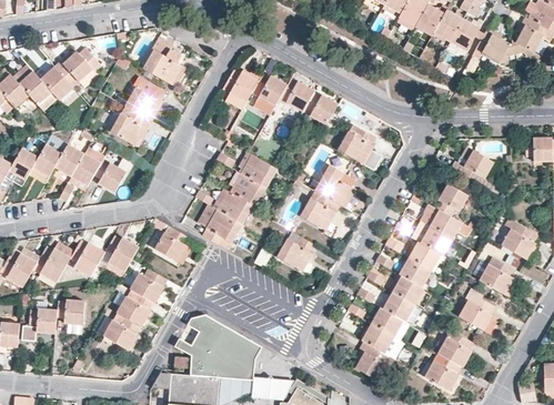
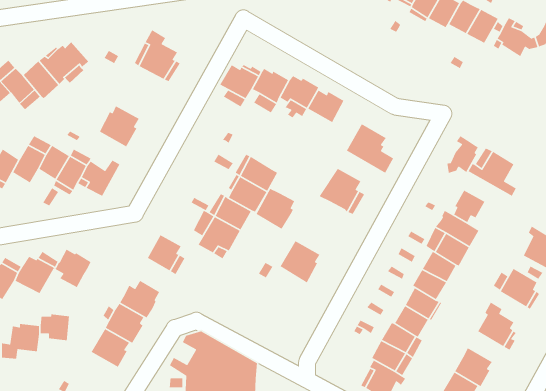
building: [125,77,165,120] -> none
building: none -> [447,135,479,174]
building: [301,191,338,230] -> [255,188,295,230]
building: [101,234,140,271] -> none

